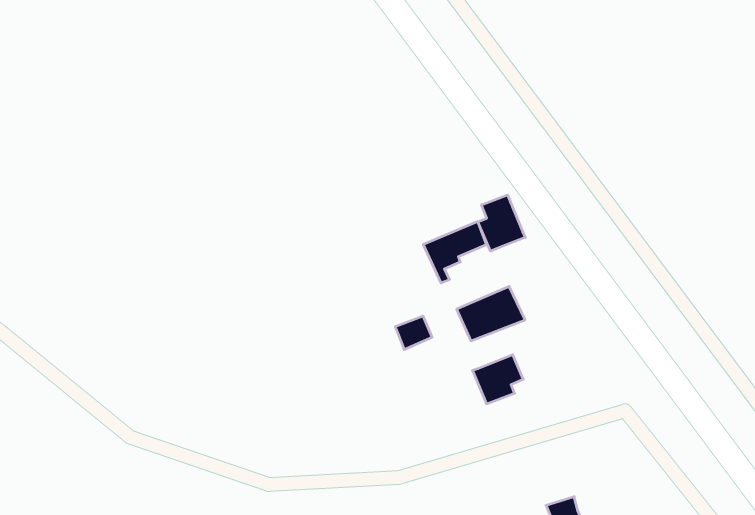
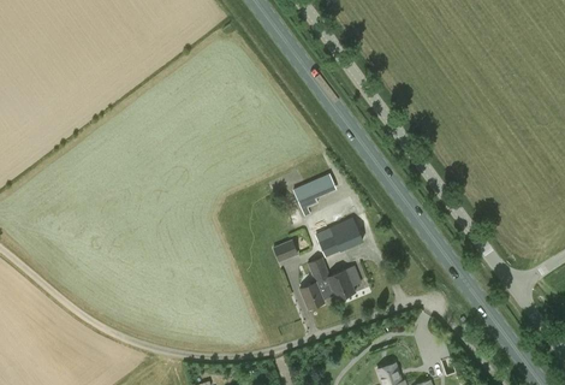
building: [478,195,525,251] -> none
building: none -> [299,257,333,309]

